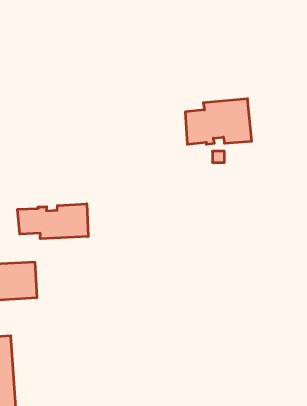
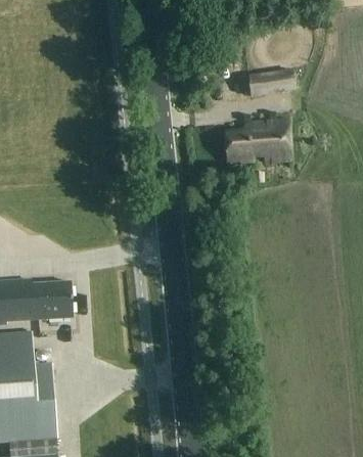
building: none -> [244,66,293,96]
building: [18,204,88,239] -> none

